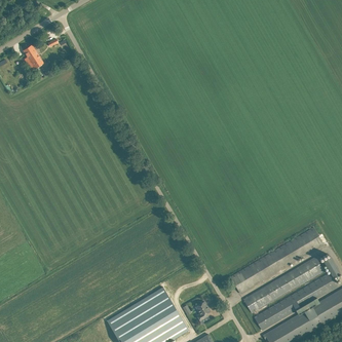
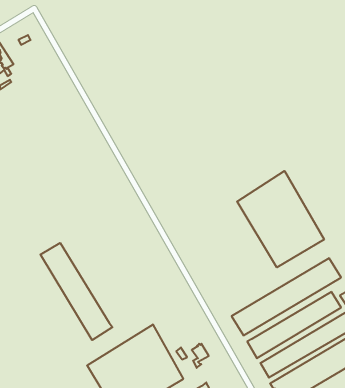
building: none -> [237,171,324,267]
building: none -> [40,243,112,340]

